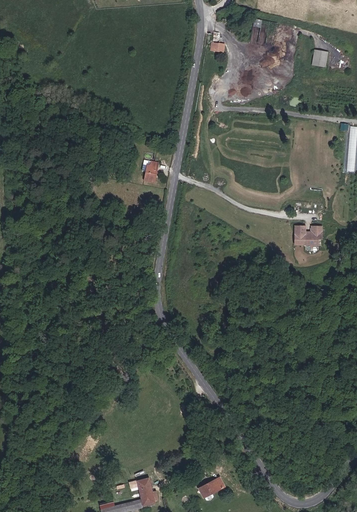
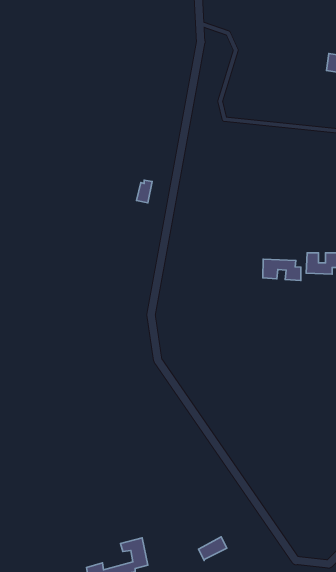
building: none -> [263,259,301,281]

